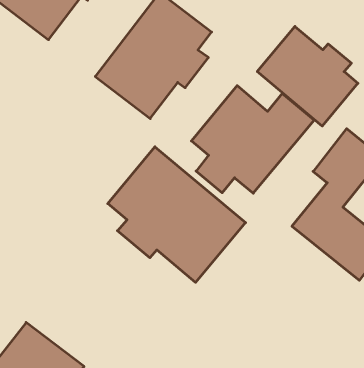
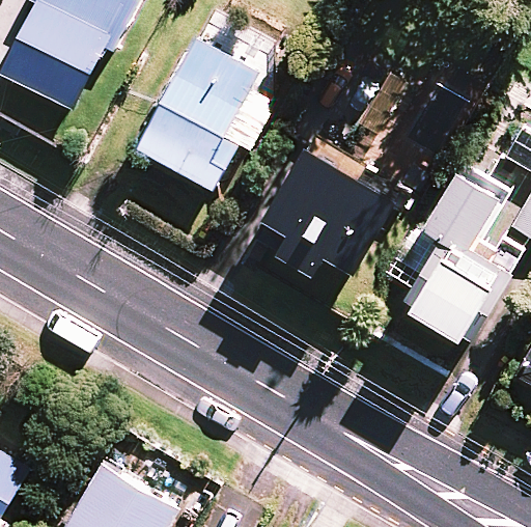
building: [257,26,358,126] -> none
building: [108,147,246,282] -> none

